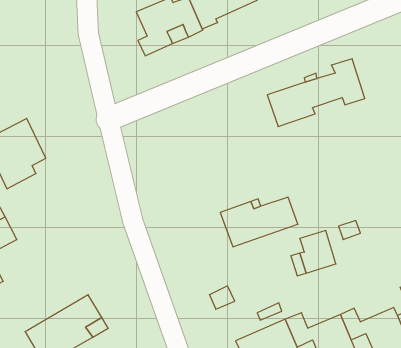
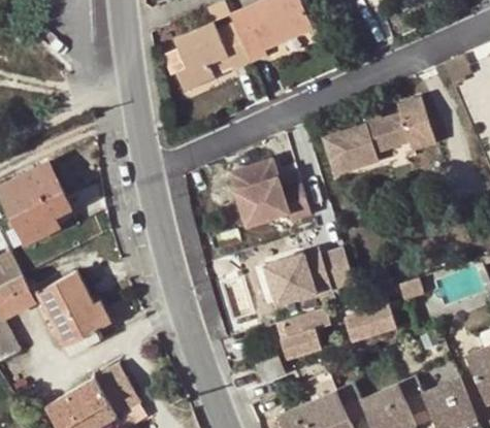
building: none -> [229,160,307,224]
building: none -> [37,270,109,355]
building: none -> [277,310,332,360]

